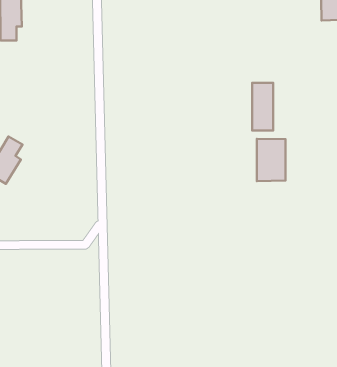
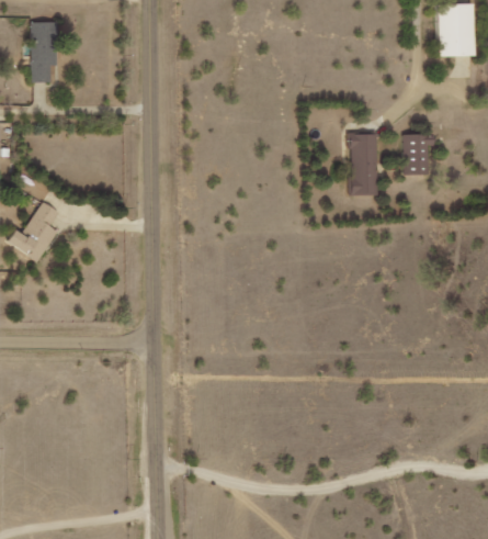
building: none -> [400,133,433,175]
building: [257,139,286,181] -> none

